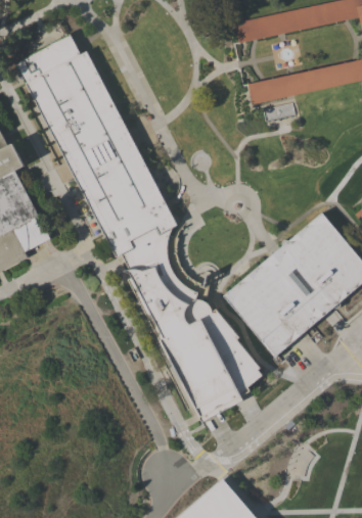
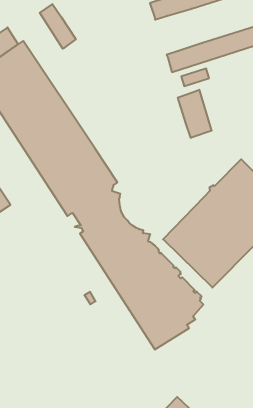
building: none -> [40,4,76,49]
building: none -> [178,90,212,138]

